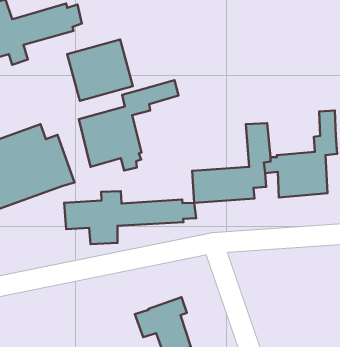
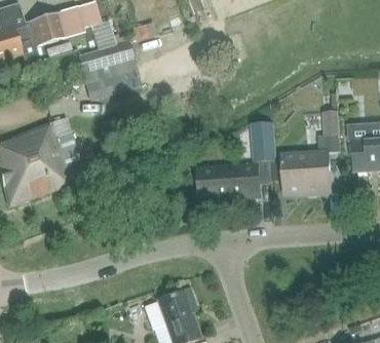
building: [79,80,179,171] -> none
building: [64,191,196,244] -> none

